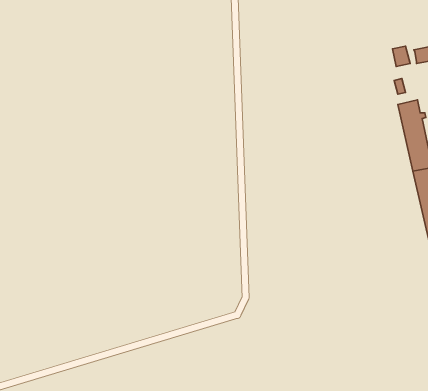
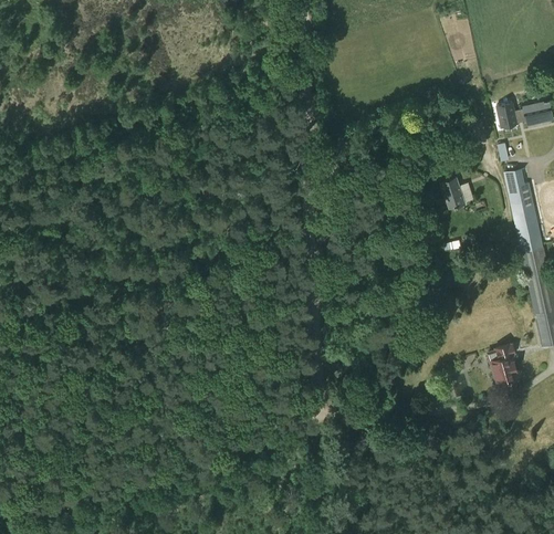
building: none -> [441,178,466,209]
building: none -> [491,345,520,384]

